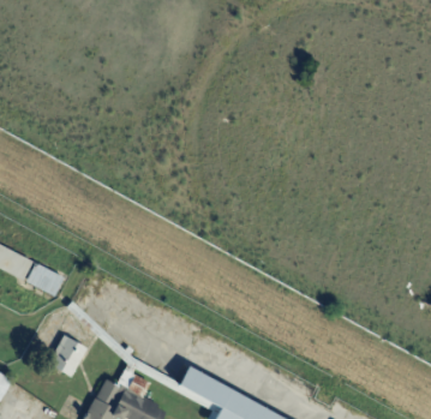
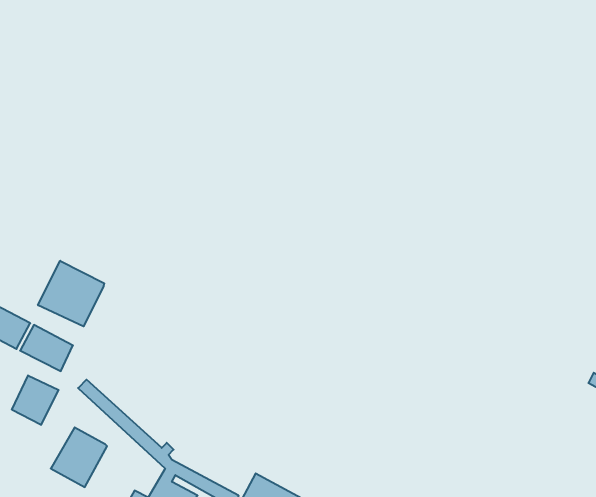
building: none -> [38,261,104,326]
building: none -> [12,375,59,425]

